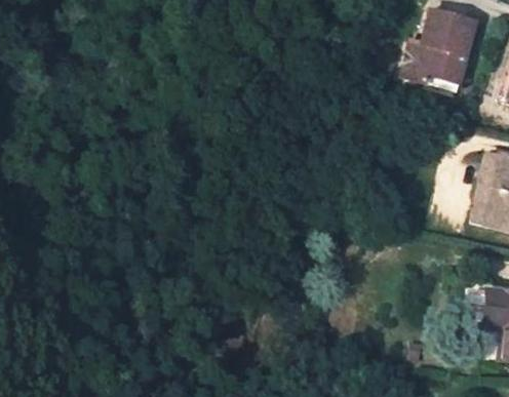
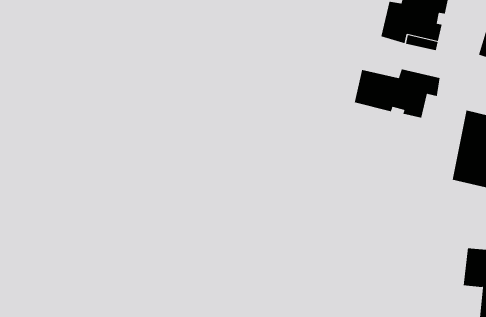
building: none -> [354,68,440,119]

